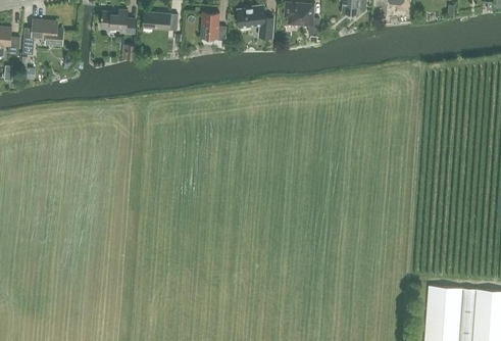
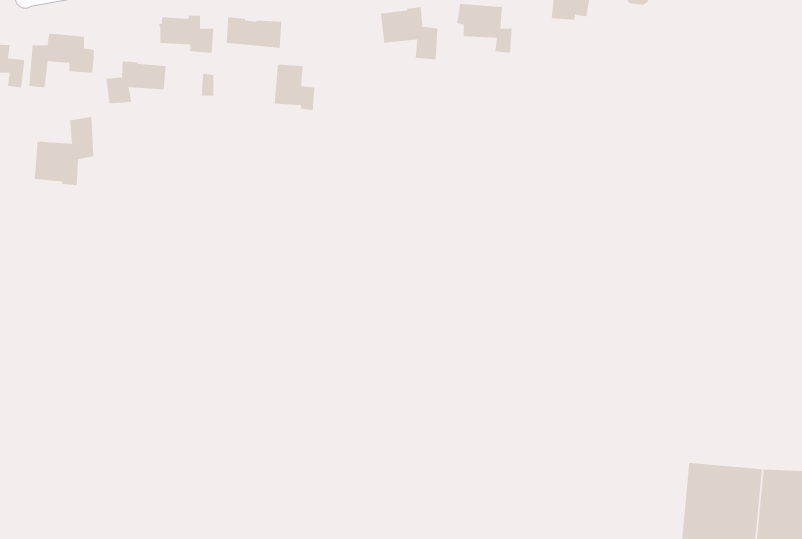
building: [200,12,226,41] -> [274,64,315,111]
building: none -> [106,60,166,104]
building: none -> [34,116,94,186]

